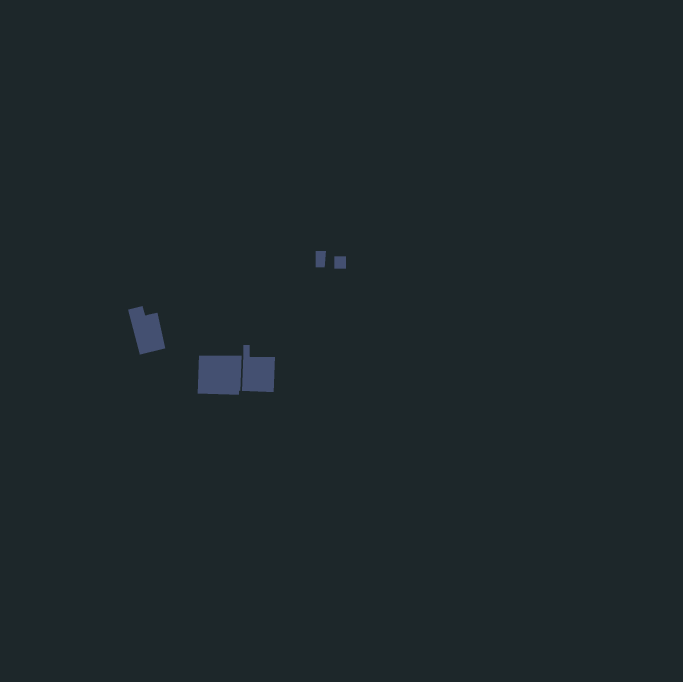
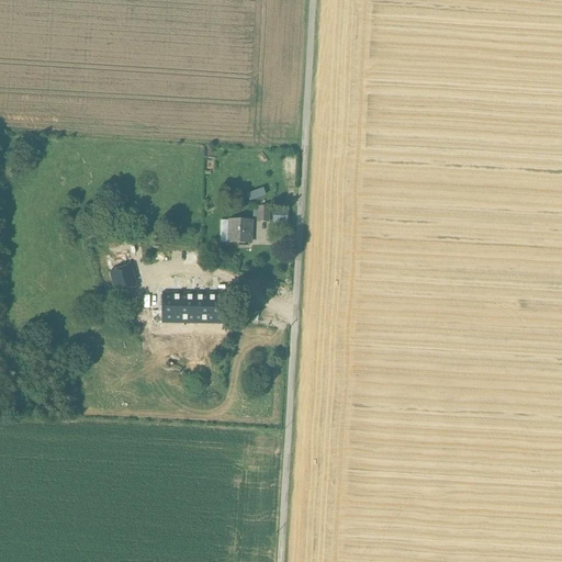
building: none -> [228,218,250,240]

